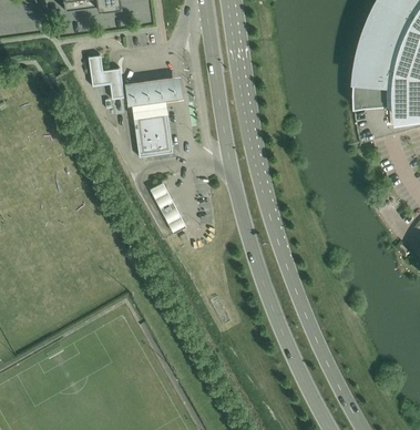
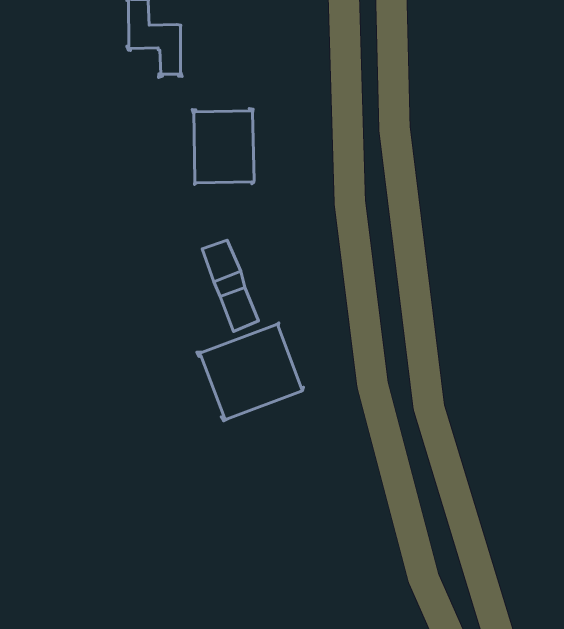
building: [124,79,183,111] -> none
building: none -> [197,323,303,421]

